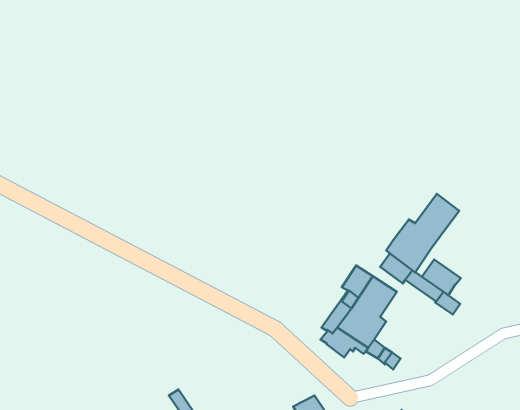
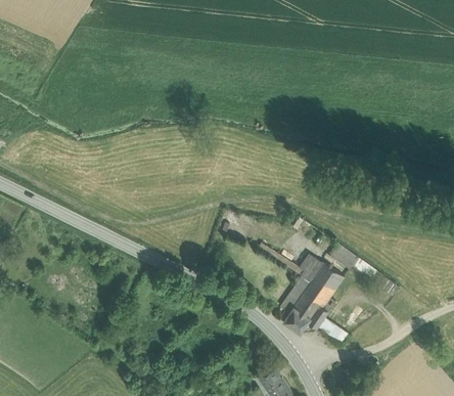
building: [386,194,459,272] -> none
building: [422,260,461,295] -> none

